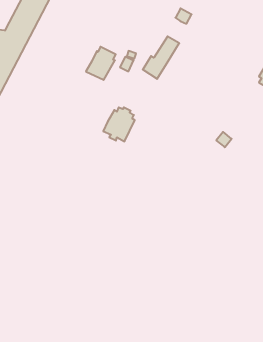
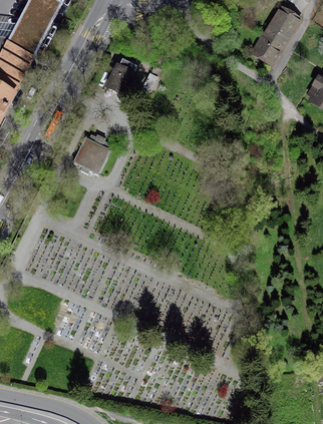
building: [143,36,179,79] -> [253,11,296,61]
building: [103,107,135,141] -> [72,134,109,174]

